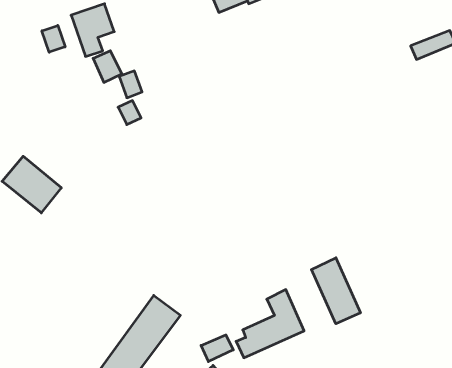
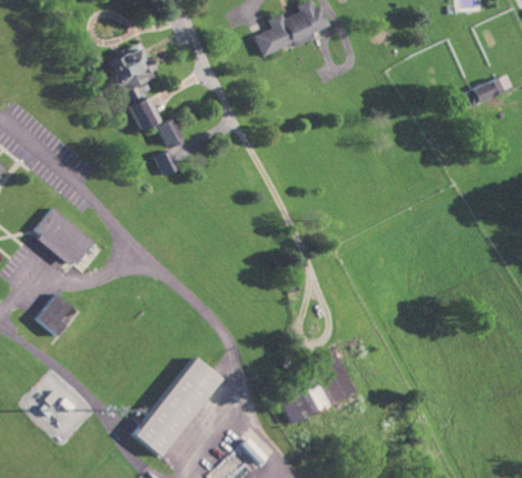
building: [42,25,65,52] -> none
building: none -> [37,294,79,336]
building: [311,258,360,324] -> none
building: [201,335,233,362] -> none

